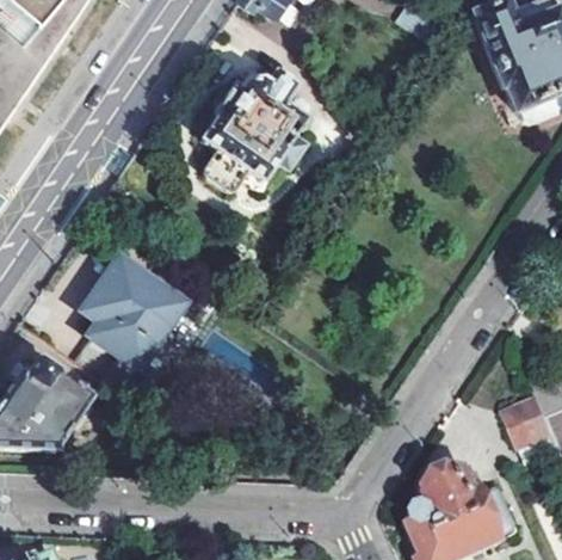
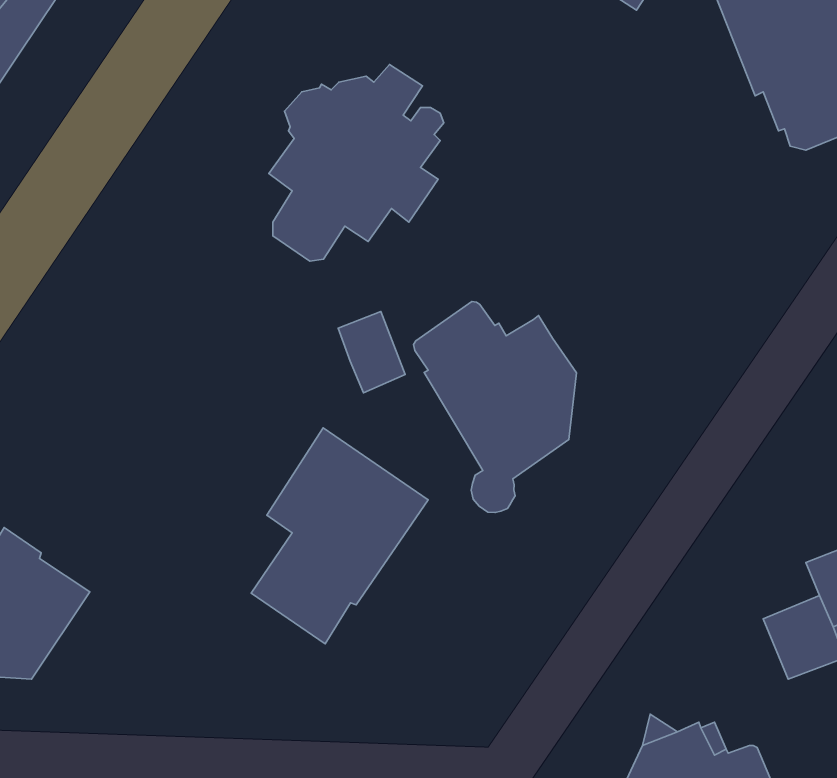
building: none -> [414,301,576,512]
building: none -> [338,312,405,393]
building: [73,254,181,387] -> [251,428,428,644]

